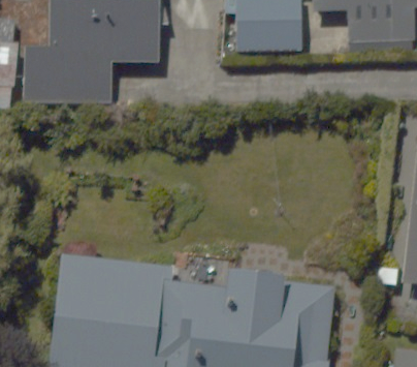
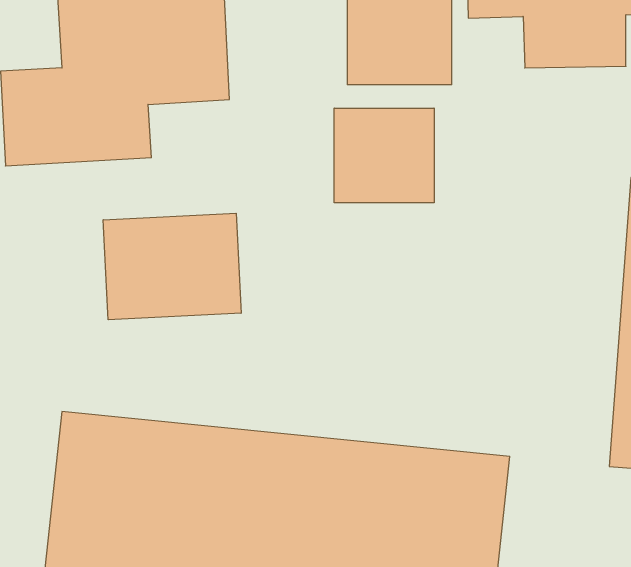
building: none -> [334,108,434,203]
building: none -> [103,213,241,320]

